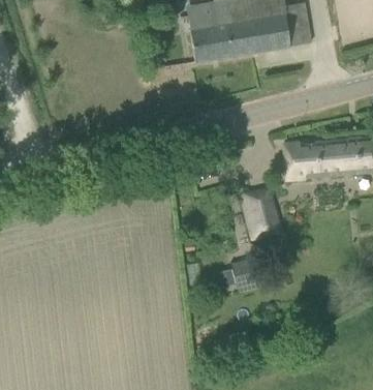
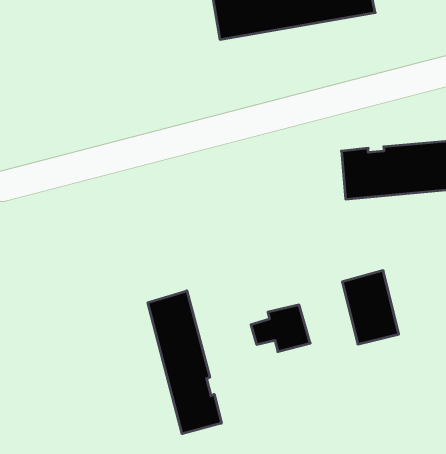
building: [240,184,281,238] -> [342,271,399,344]
building: none -> [148,291,221,434]

